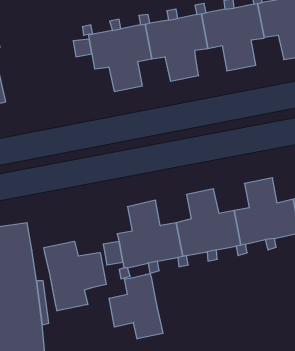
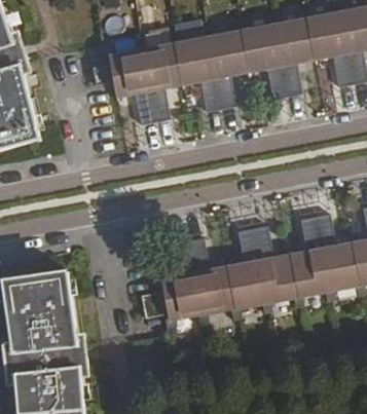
building: [44,241,106,311] -> none
building: [109,273,163,339] -> none

